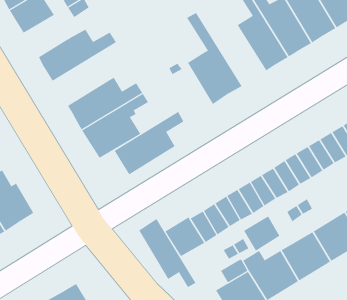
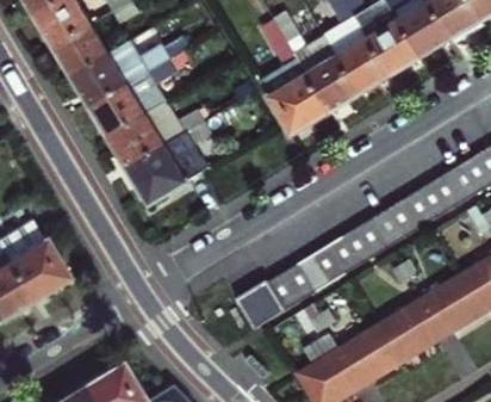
building: none -> [274,11,362,113]
building: none -> [54,23,112,76]
building: [114,111,184,175] -> [91,57,180,138]
building: [243,215,280,252] -> none
building: [138,218,196,288] -> none

